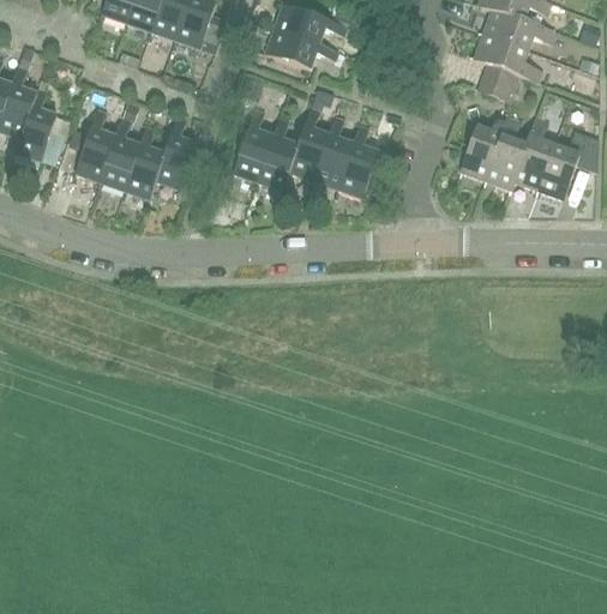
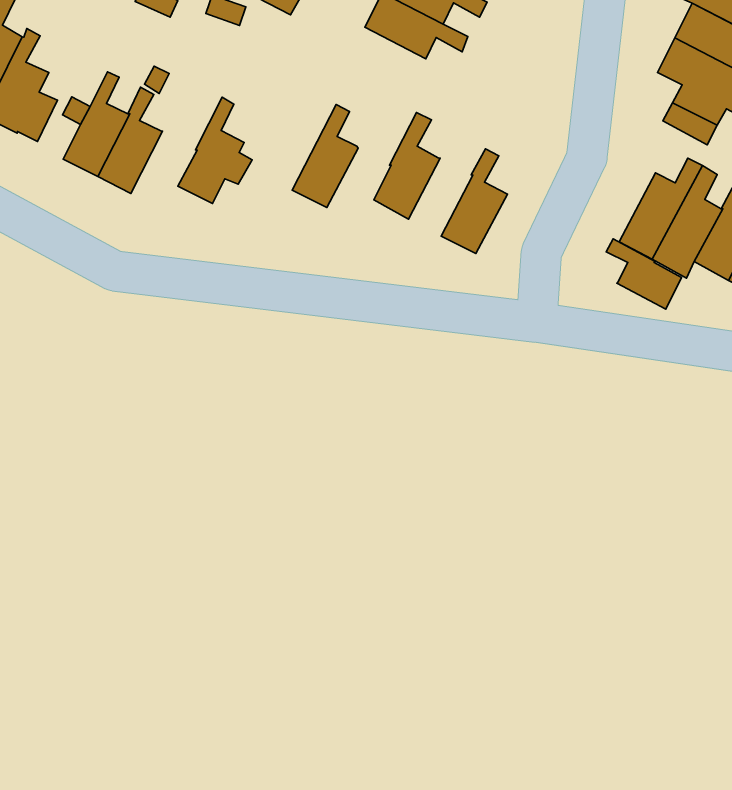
building: [314,116,354,188] -> none
building: [258,118,298,189] -> none
building: [124,126,164,198] -> none
building: none -> [606,239,682,309]

